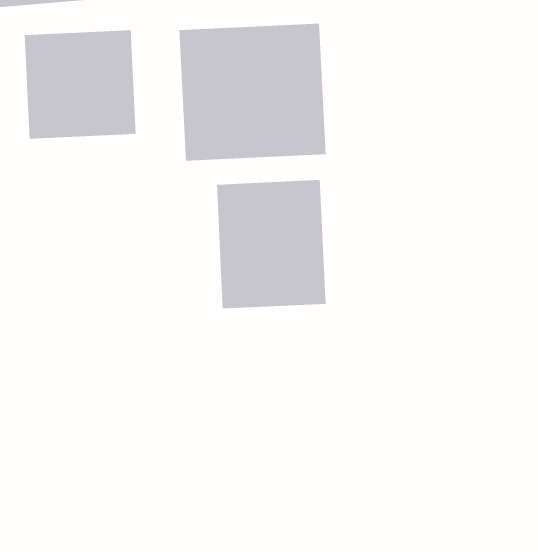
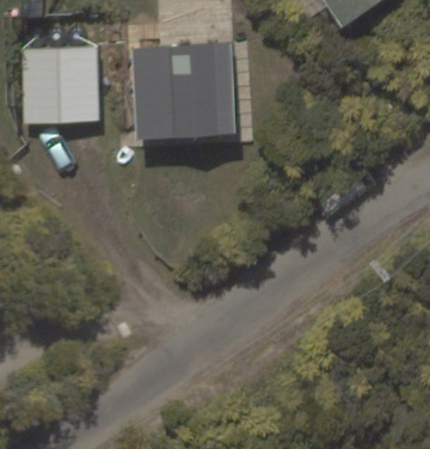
building: [216,179,326,309] -> none

